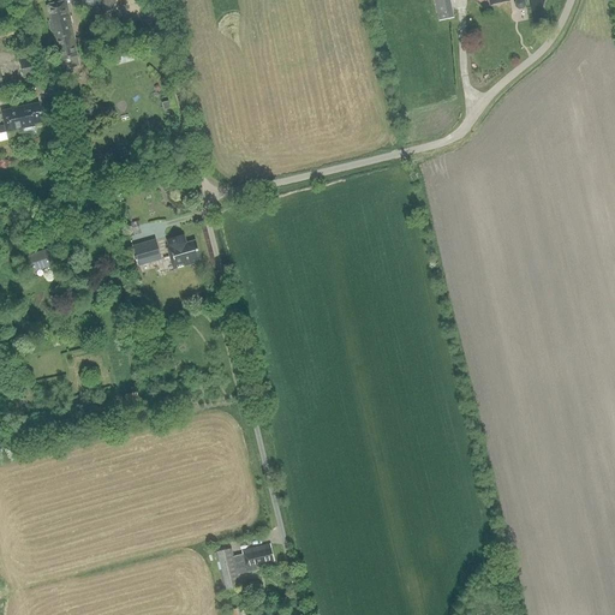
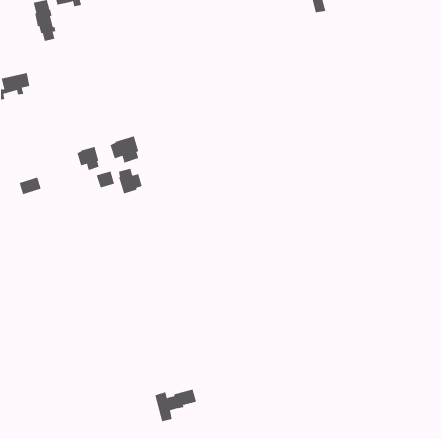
building: none -> [110,136,139,163]
building: none -> [77,146,99,171]

